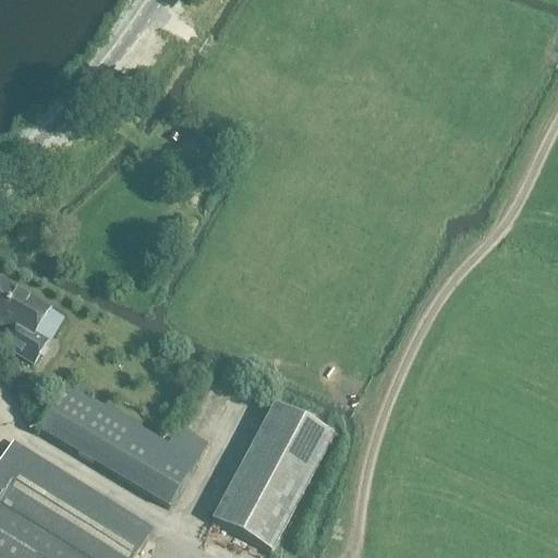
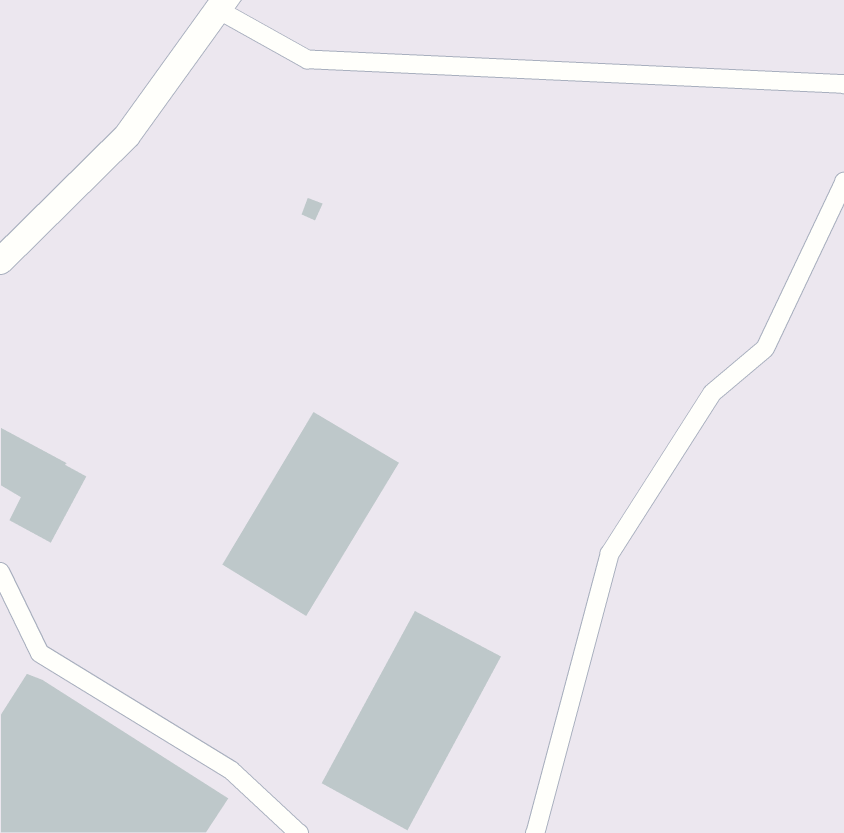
building: none -> [221,411,400,617]
building: [38,379,205,504] -> none

